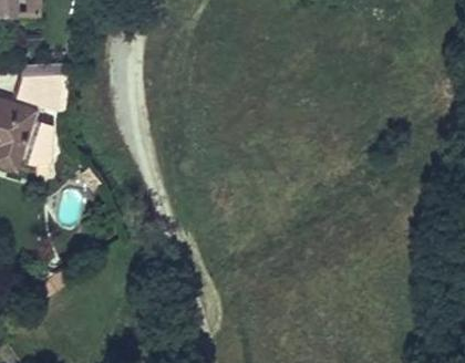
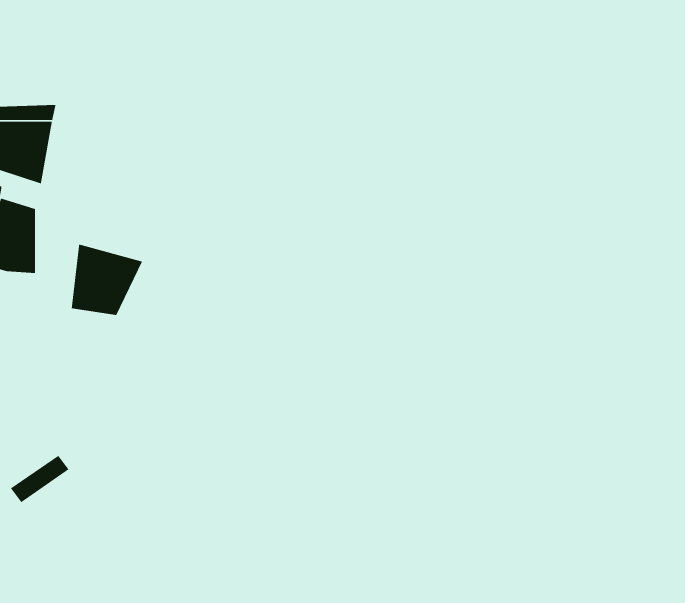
building: none -> [71,244,143,316]

